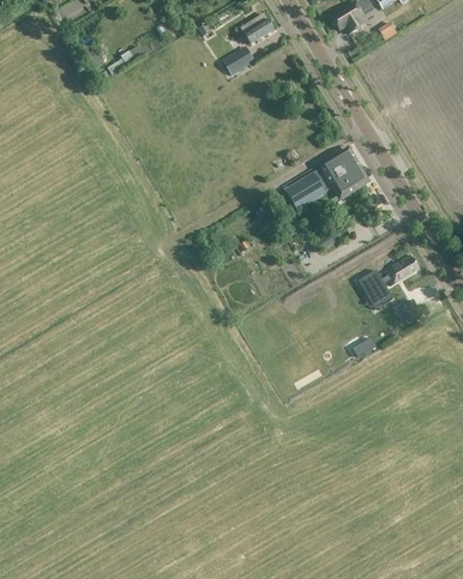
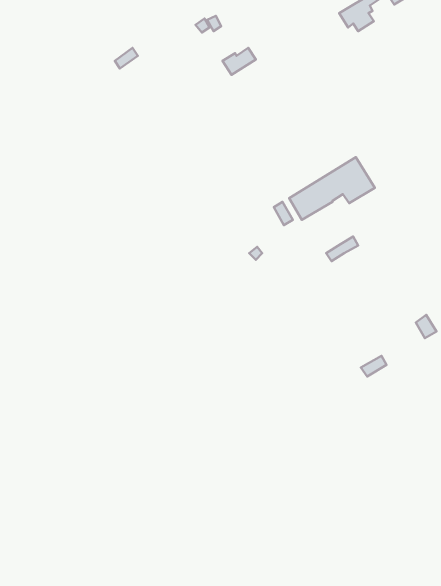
building: [241,13,275,44] -> none
building: [359,253,420,303] -> none

